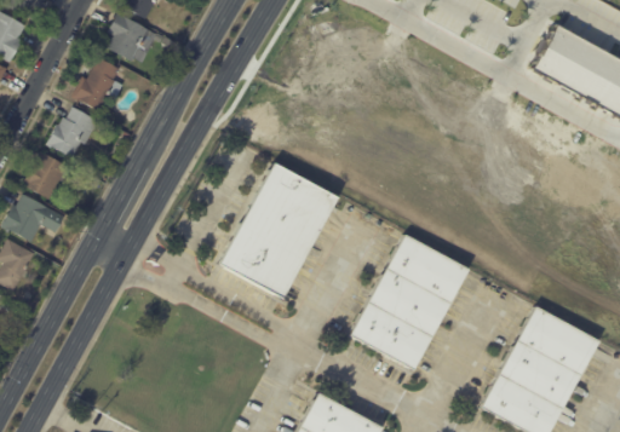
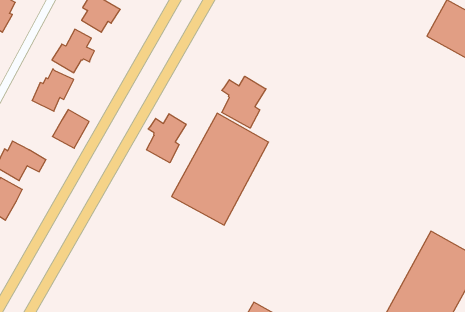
building: none -> [222,76,266,128]
building: [24,152,69,200] -> [52,110,89,148]
building: none -> [147,114,186,163]
building: [350,234,467,369] -> none

